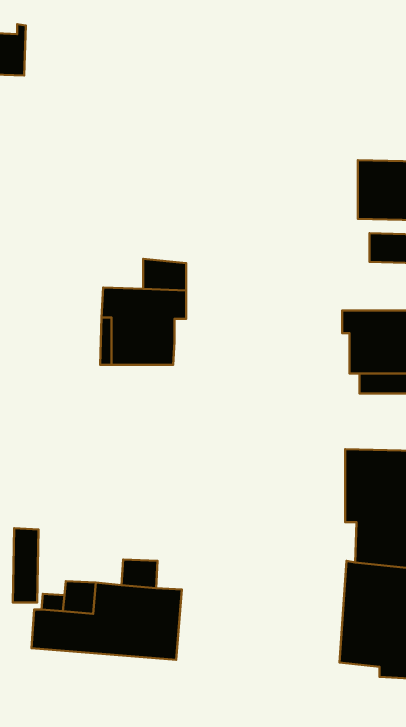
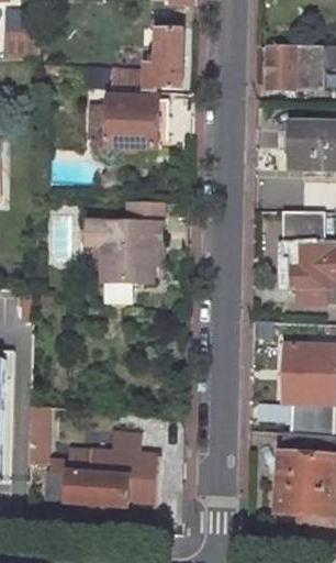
building: none -> [112,26,183,90]
building: none -> [269,44,325,90]
building: none -> [105,95,158,148]
building: none -> [282,211,324,239]

